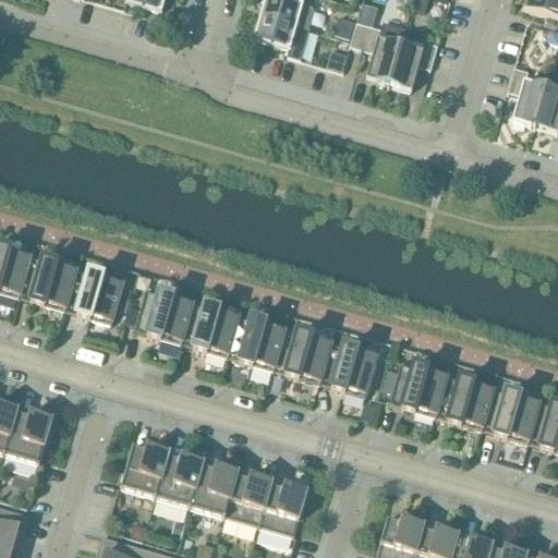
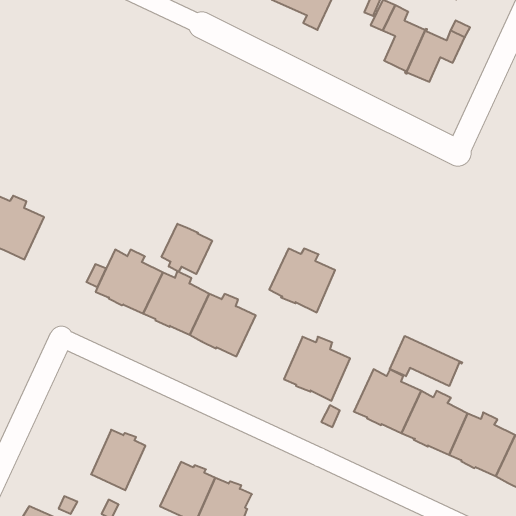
building: none -> [162,224,212,274]
building: [66,264,125,320] -> none
building: none -> [390,336,462,386]
building: [275,324,332,380] -> [269,249,335,312]
building: [121,441,171,495] -> none
building: [192,461,239,514] -> none

